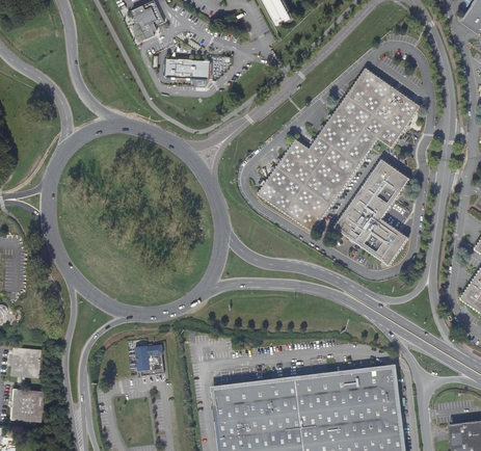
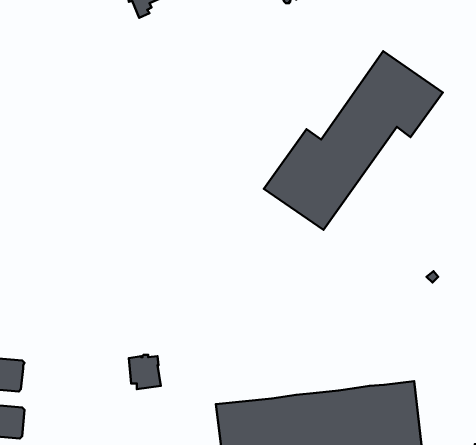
building: [164,58,210,79] -> none
building: [335,159,408,265] -> none

